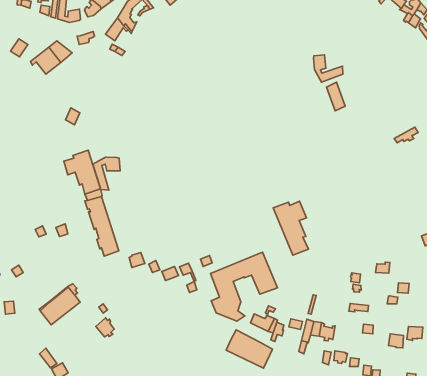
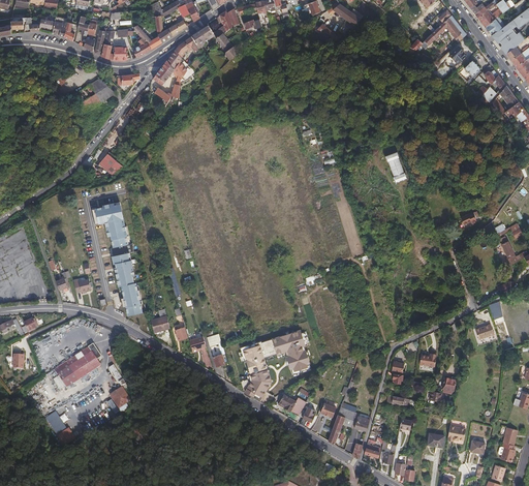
building: [313,55,343,82] -> none
building: [93,157,120,190] -> none
building: [273,201,308,255] -> none
building: [226,330,272,368] -> none

